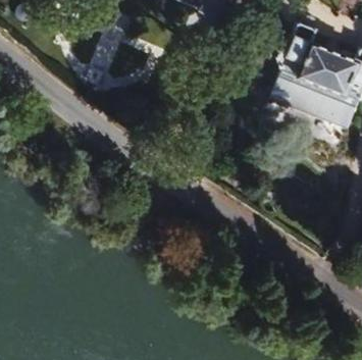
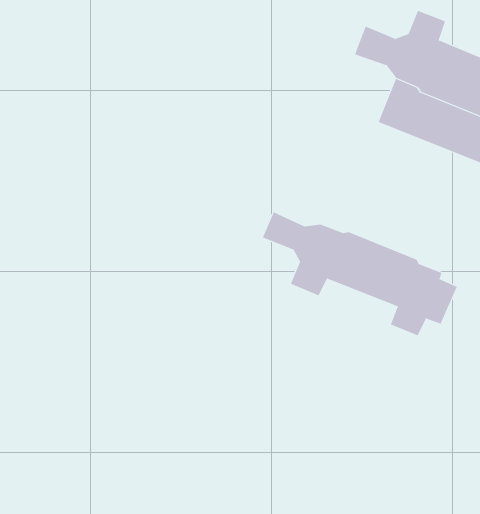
building: none -> [262,211,457,336]

